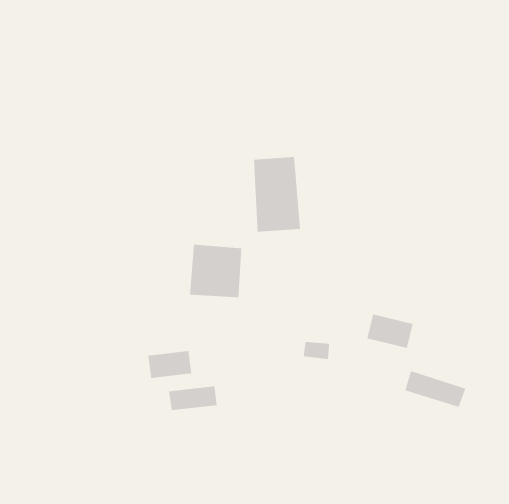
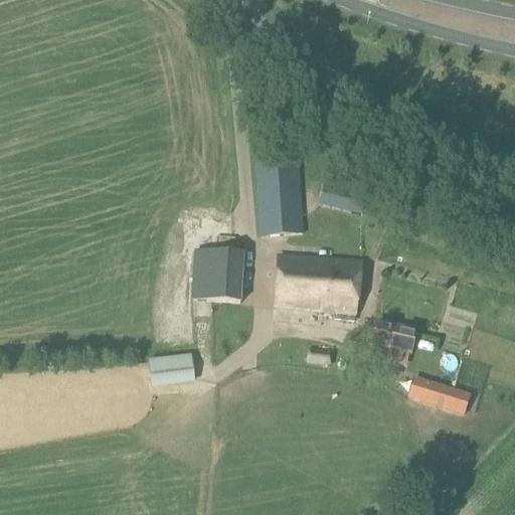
building: none -> [319,176,369,213]
building: none -> [274,253,361,319]
building: [168,385,217,411] -> none

